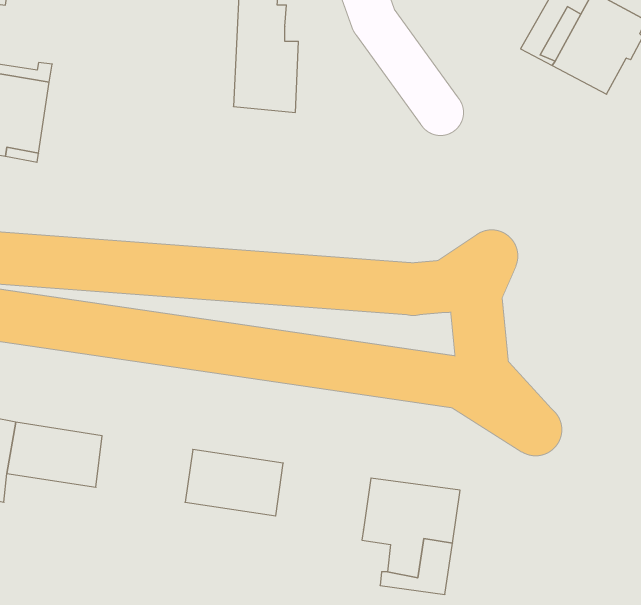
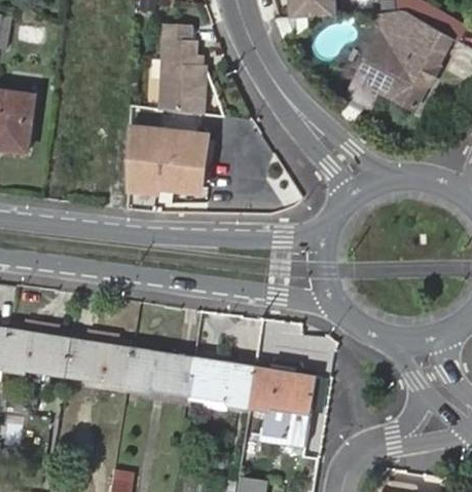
building: none -> [126,130,207,195]
building: none -> [67,338,133,383]
building: none -> [189,356,254,402]

